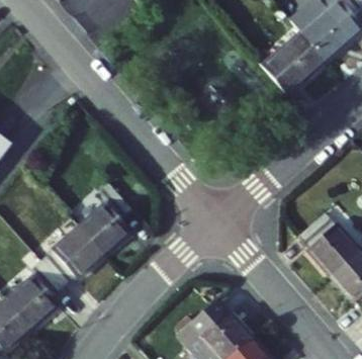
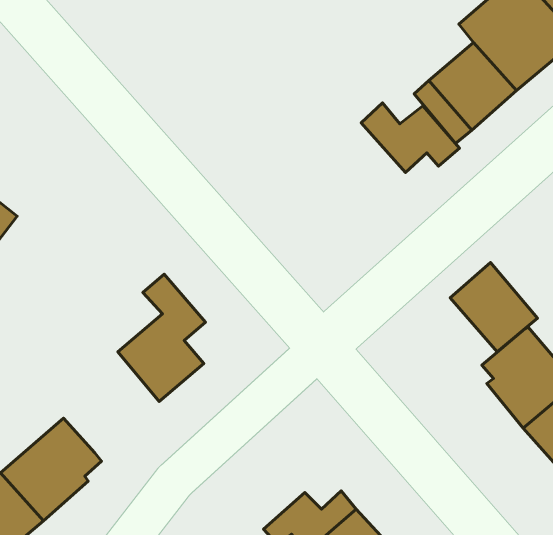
building: none -> [361,103,459,173]
building: none -> [450,263,537,352]
building: [42,221,106,283] -> none

